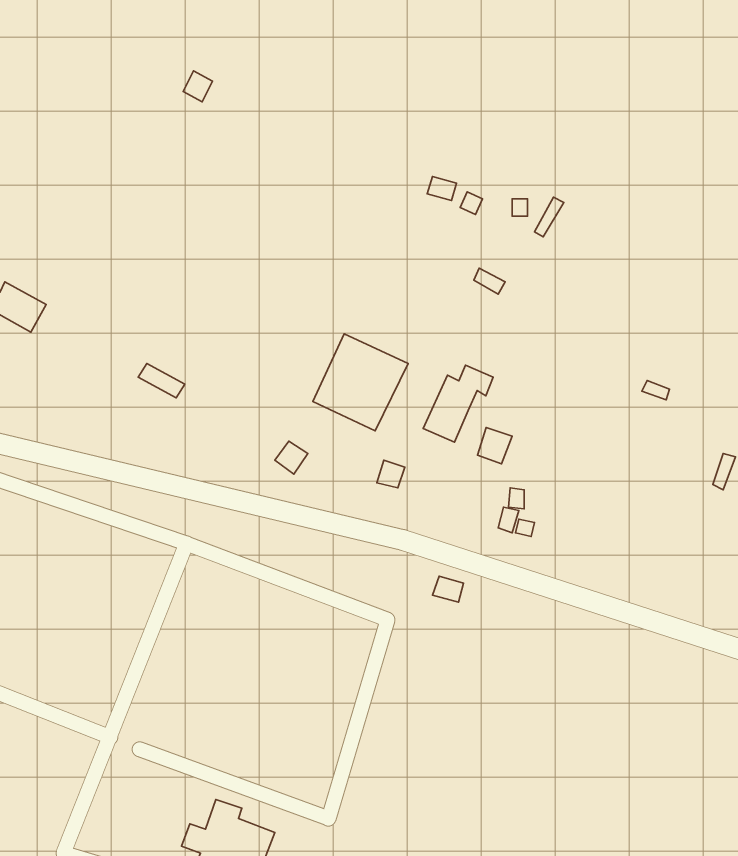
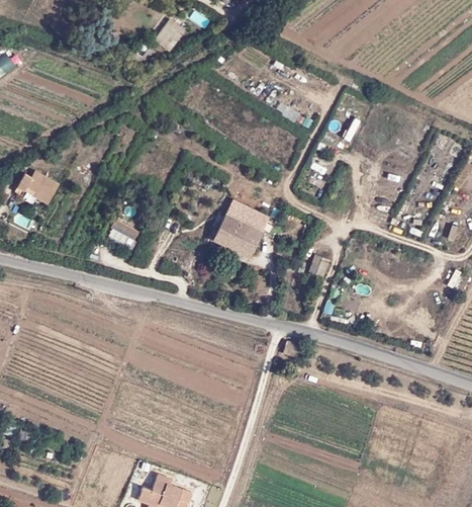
building: none -> [155,20,183,51]
building: [423,365,493,442] -> none

